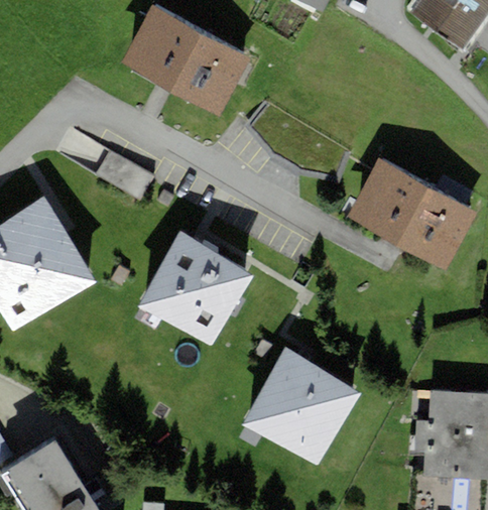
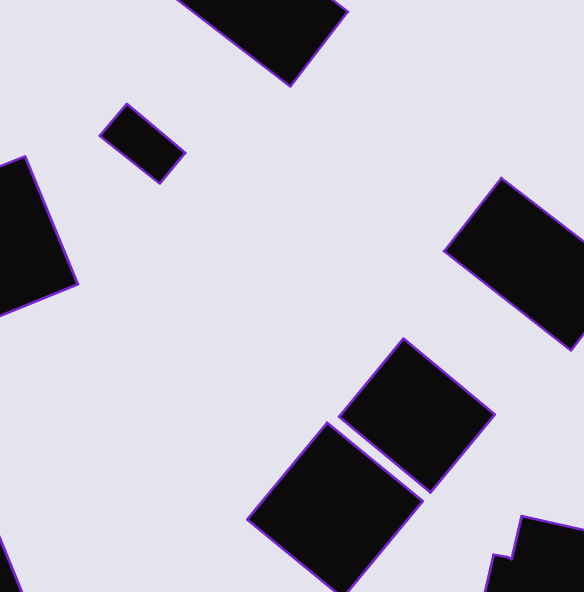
building: [139,233,252,345] -> none
building: none -> [339,339,495,493]

